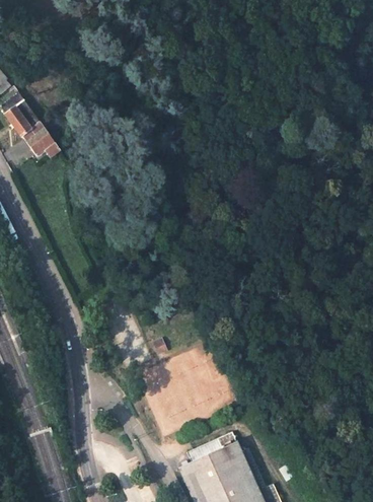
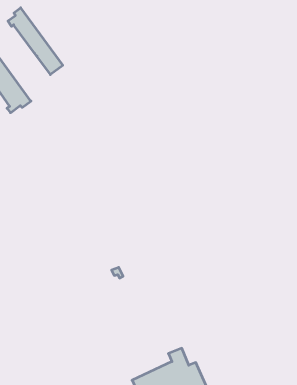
building: none -> [8,8,63,75]

